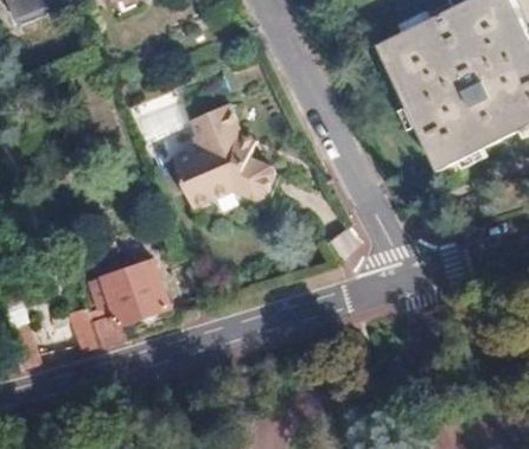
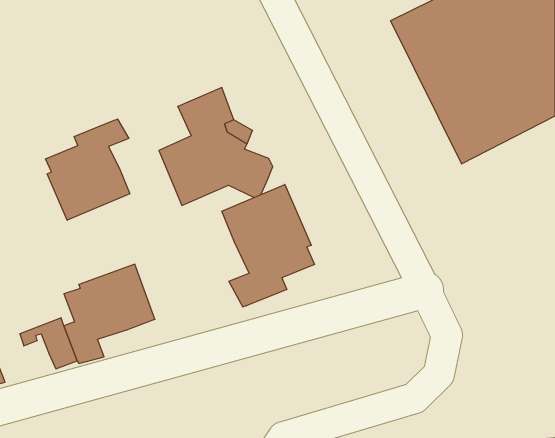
building: none -> [45,119,130,220]
building: none -> [222,184,315,307]

